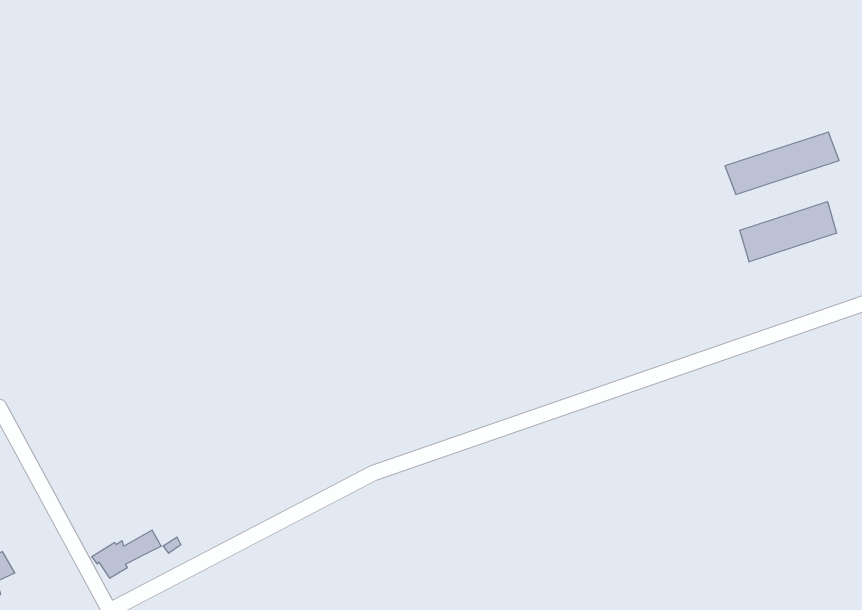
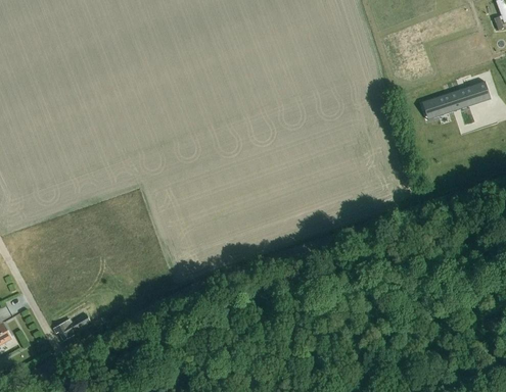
building: [740,202,837,262] -> none

